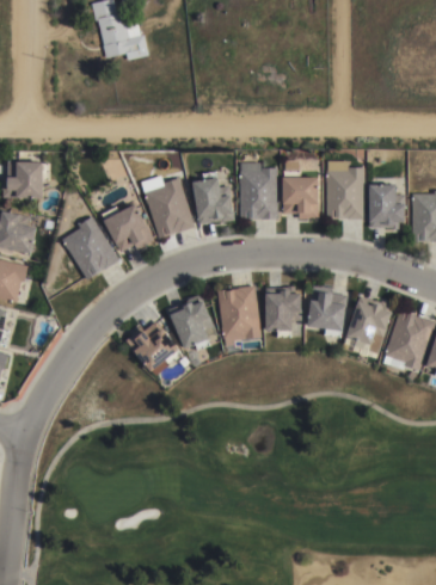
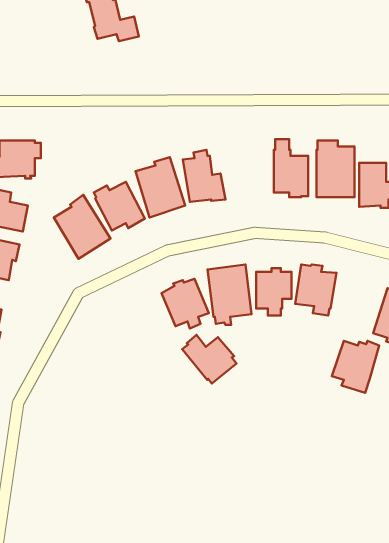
building: [240,166,278,218] -> none
building: [345,300,393,352] -> [332,341,379,393]
building: [127,325,182,374] -> [182,335,237,383]

